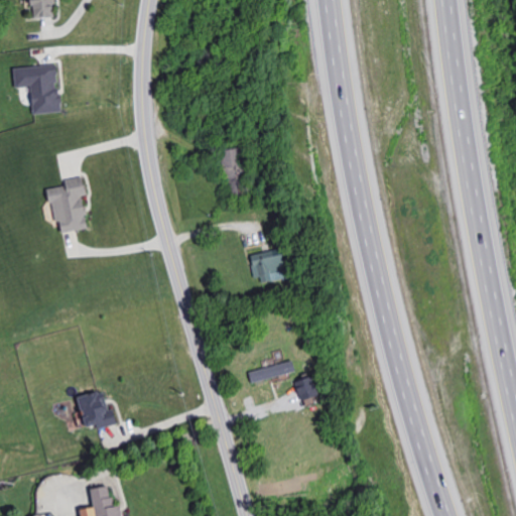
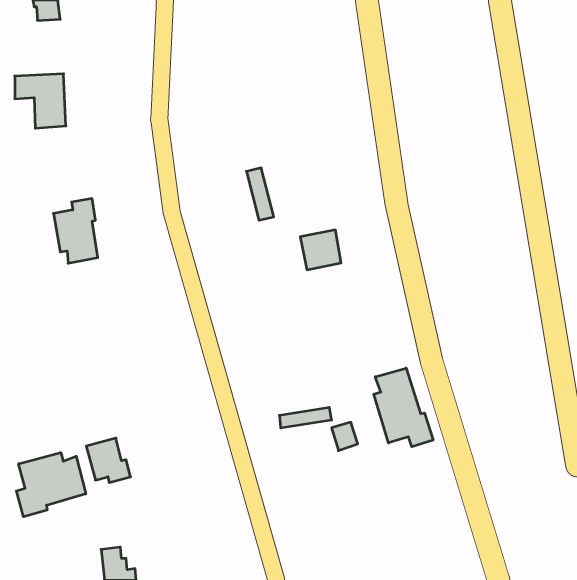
building: [250,249,286,284] -> [300,230,341,270]
building: none -> [374,368,433,447]
building: none -> [16,453,86,517]

